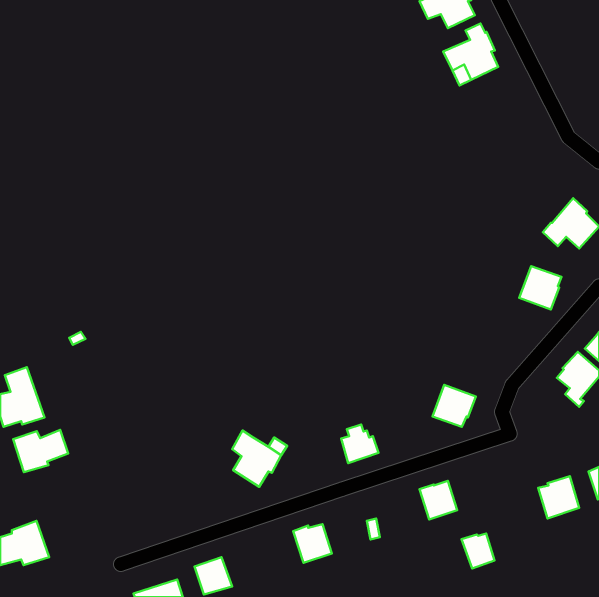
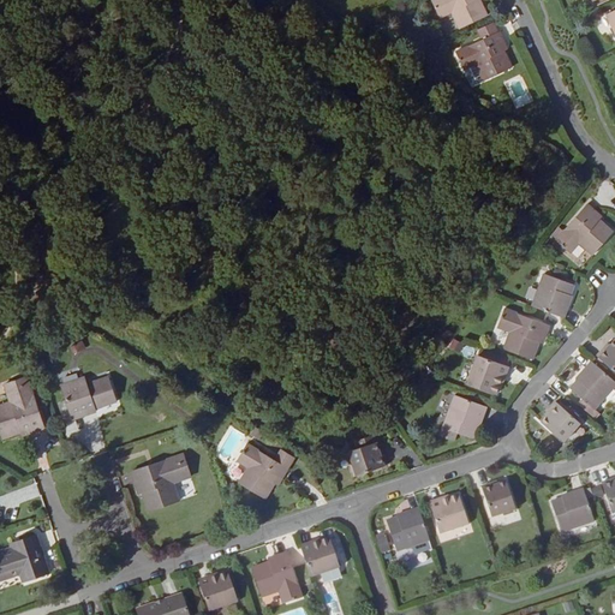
building: none -> [498,306,550,358]
building: none -> [467,353,509,394]
building: none -> [543,402,580,440]
building: [13,430,68,472] -> [61,375,118,418]
building: none -> [132,453,191,509]
building: none -> [387,507,430,550]
building: [462,533,494,569] -> [482,480,515,517]
building: none -> [252,551,301,602]

